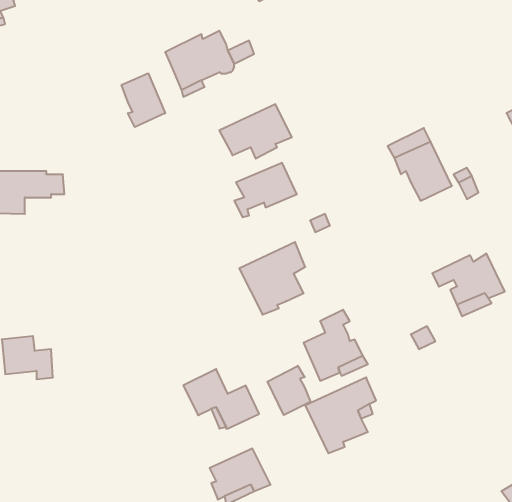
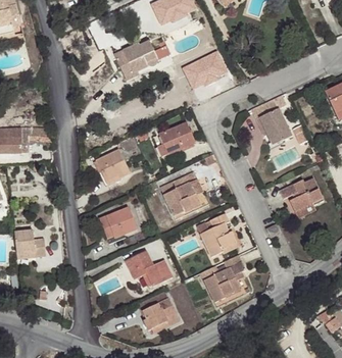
building: [122,73,165,127] -> none
building: [219,104,292,159] -> [183,51,228,85]
building: none -> [96,149,130,184]
building: none -> [99,206,137,237]
building: [268,366,311,415] -> none

